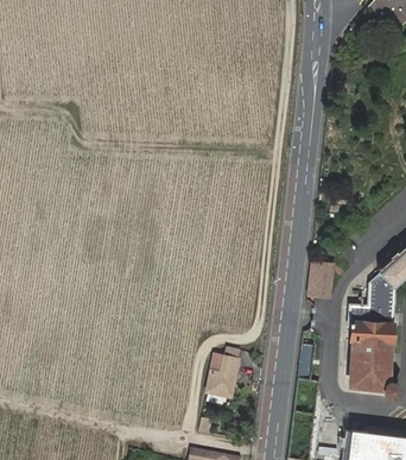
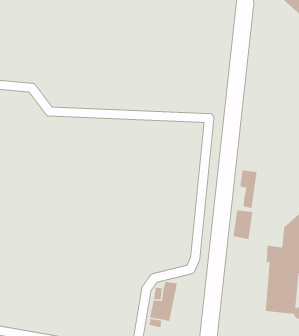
building: none -> [240,169,257,209]

